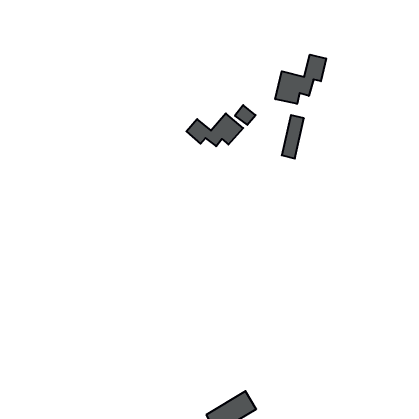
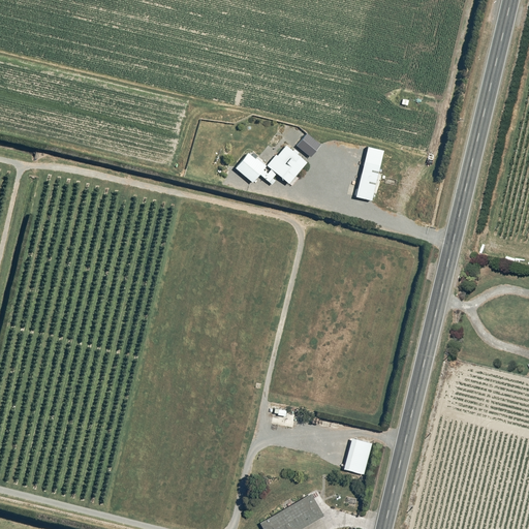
building: [275,55,326,104] -> none
building: none -> [348,438,371,473]

